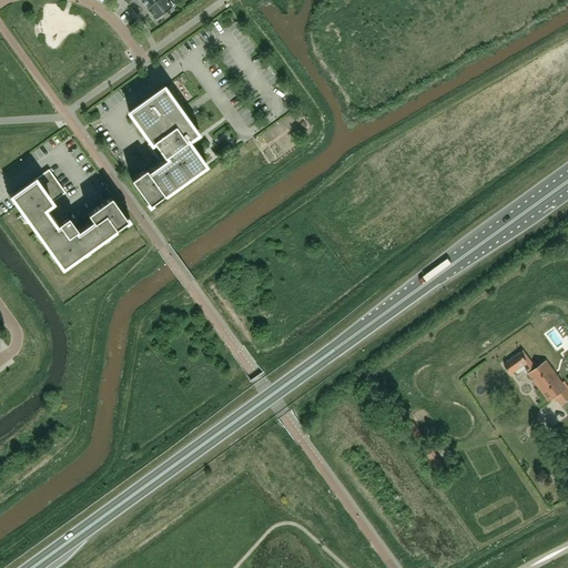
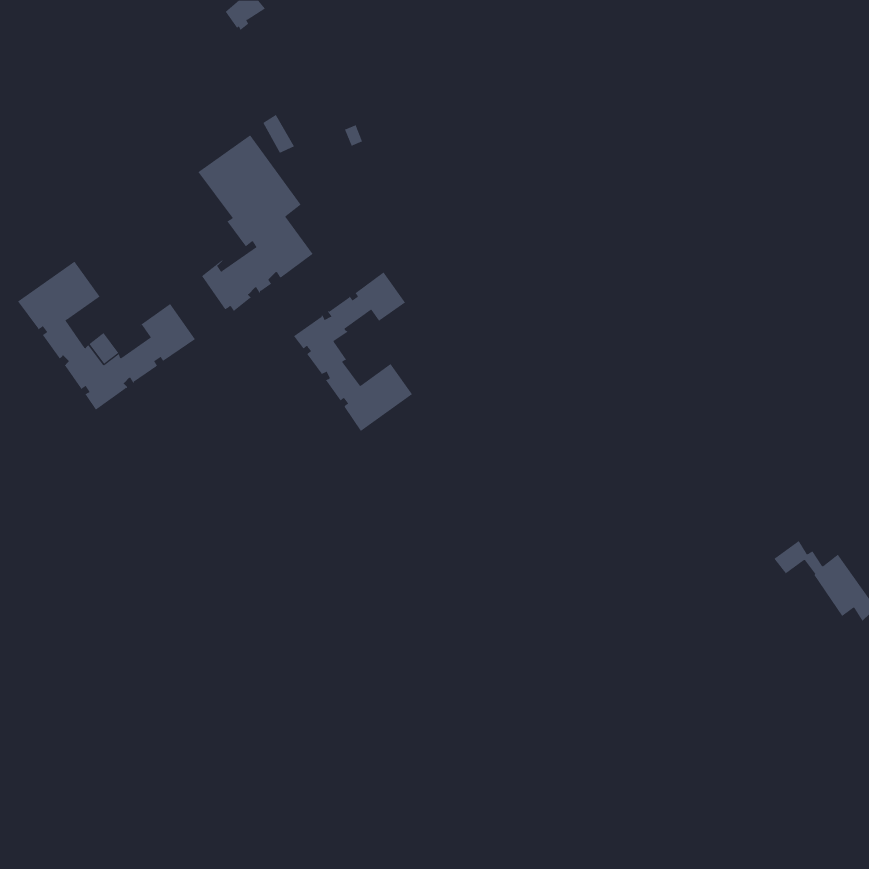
building: none -> [293,271,413,432]

